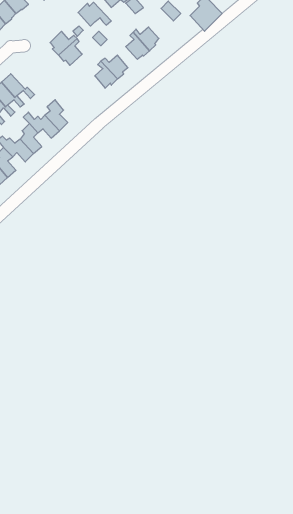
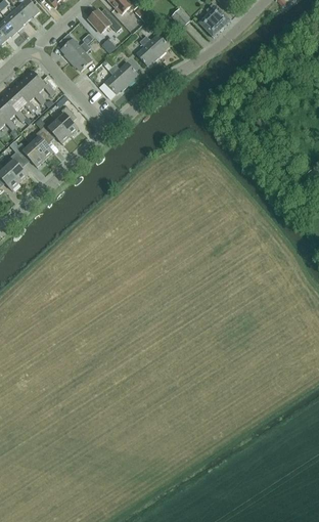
building: none -> [21,71,56,95]

